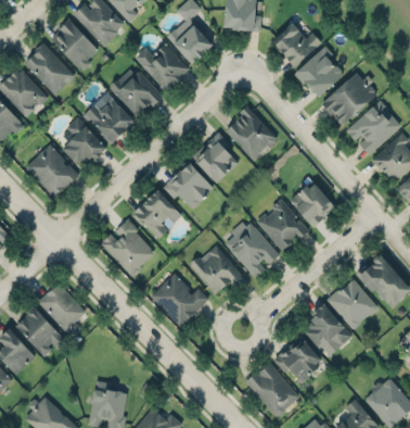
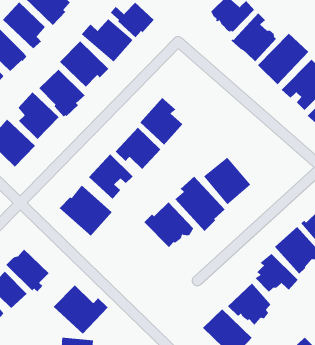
building: [228,106,278,159] -> none
building: [290,180,335,226] -> none
building: [149,272,208,326] -> [53,284,108,334]

